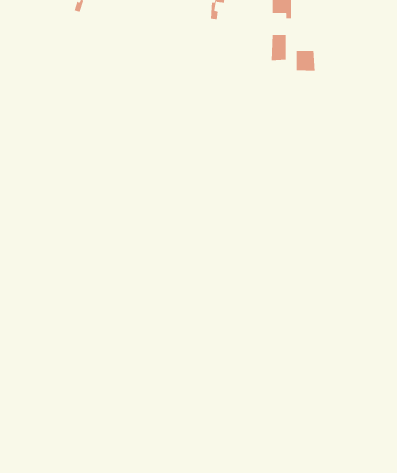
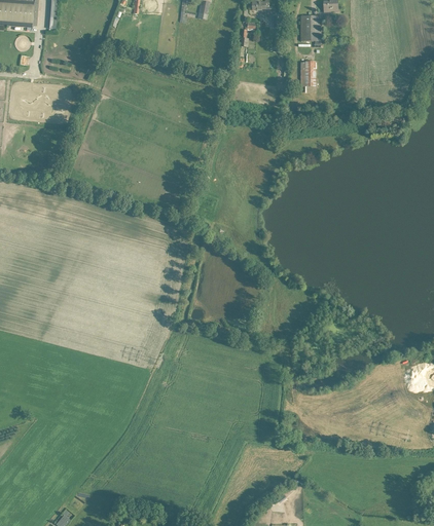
building: [296,50,315,72] -> none

